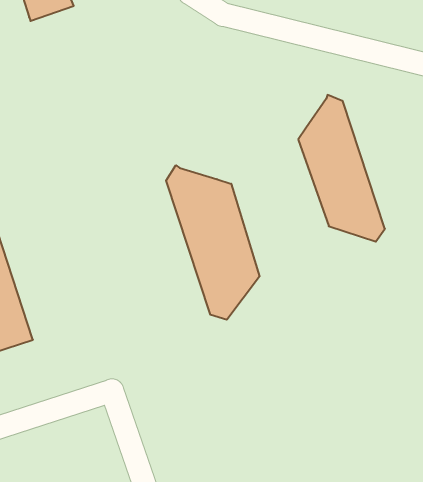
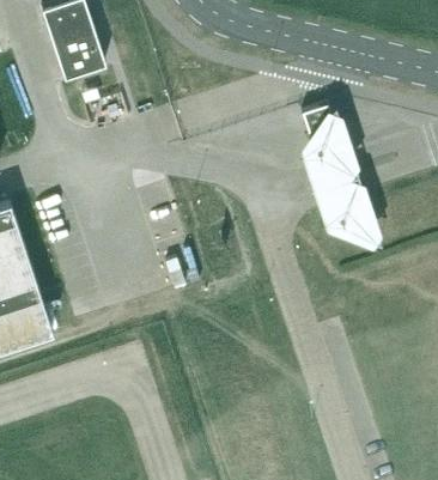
building: none -> [50,24,107,84]
building: [166,165,260,320] -> none

